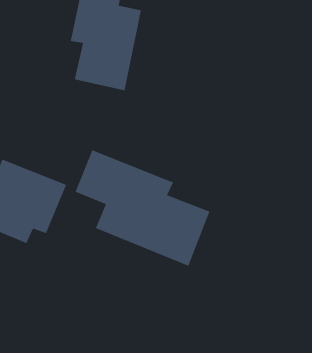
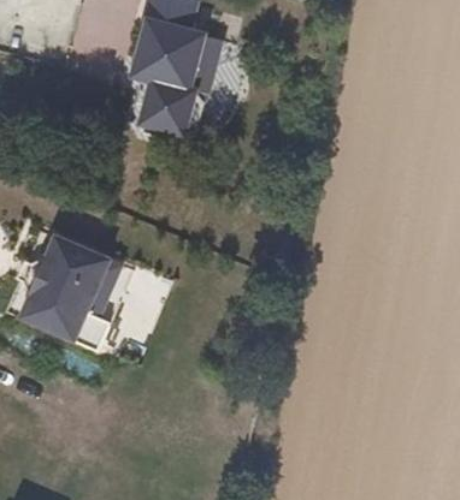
building: [74,149,211,267] -> none

